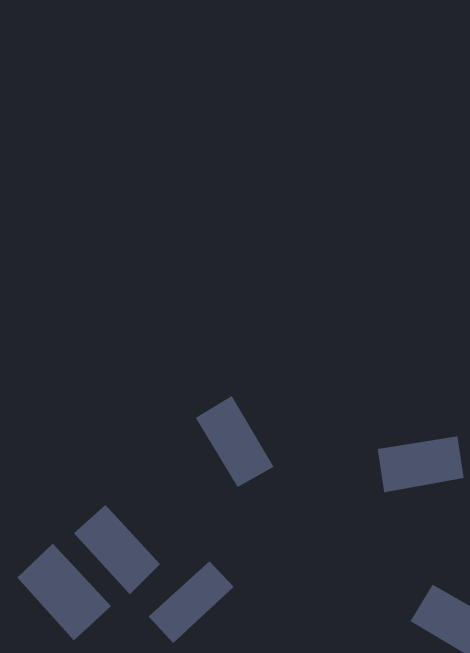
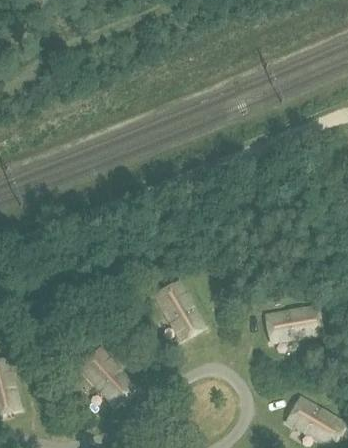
building: [17,543,112,641] -> none
building: [148,561,235,644] -> none

